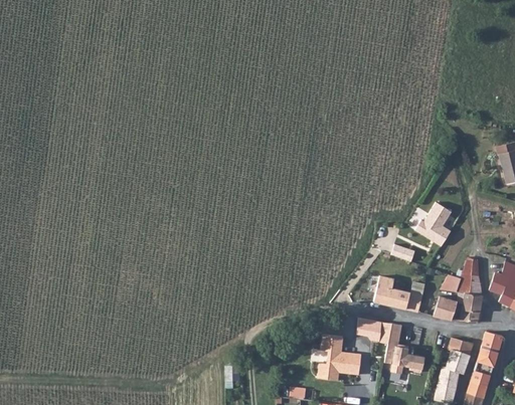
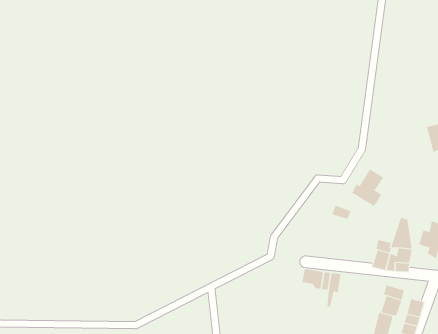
building: [375,276,424,312] -> none
building: [481,331,504,357] -> none
building: [320,334,363,380] -> none
building: [387,345,423,374] -> none

